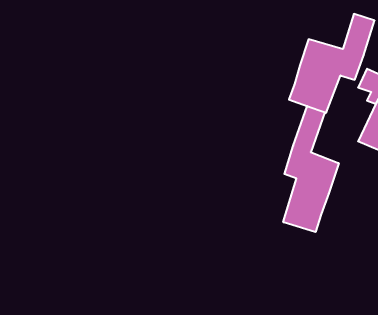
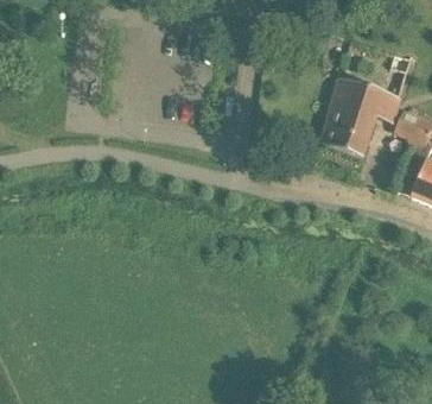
building: [283,106,339,232] -> none

